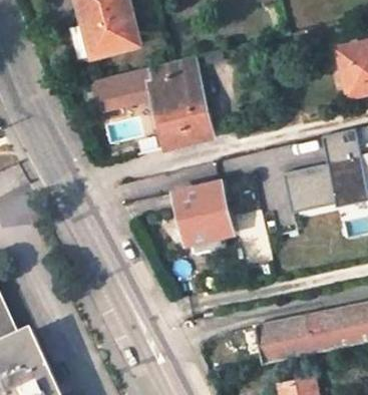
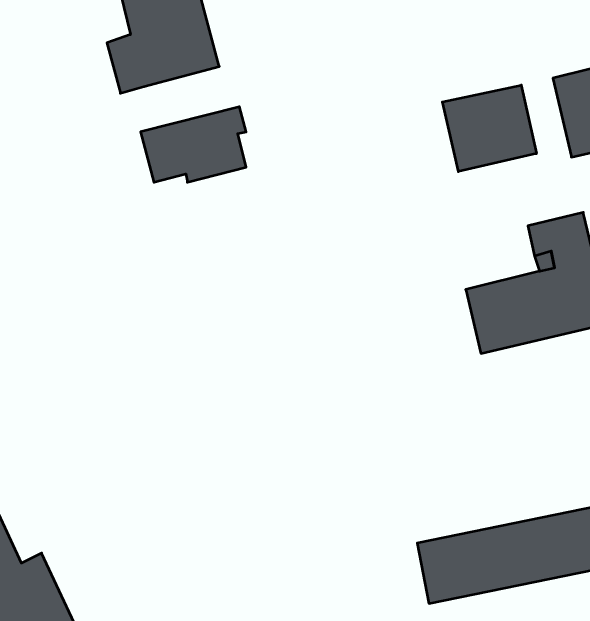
building: none -> [442,85,536,172]
building: [149,56,213,148] -> none
building: [170,184,225,245] -> none

